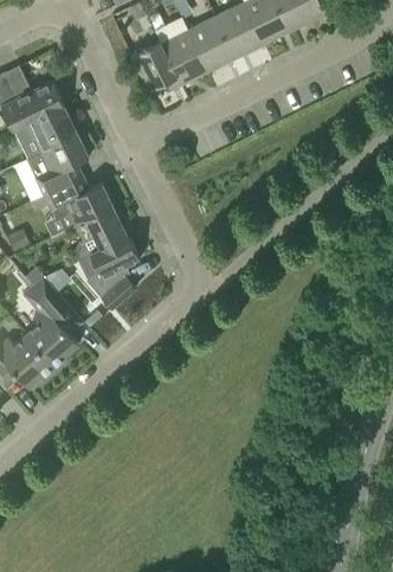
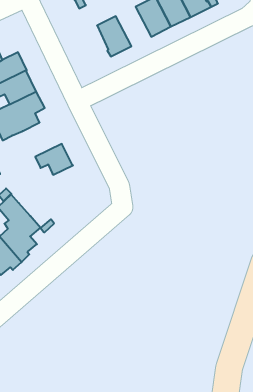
building: [187,17,236,71] -> none
building: [130,41,180,91] -> none
building: [44,176,112,224] -> none
building: [85,236,140,309] -> none

